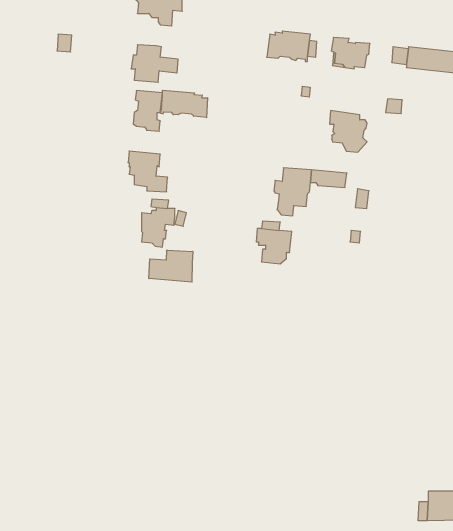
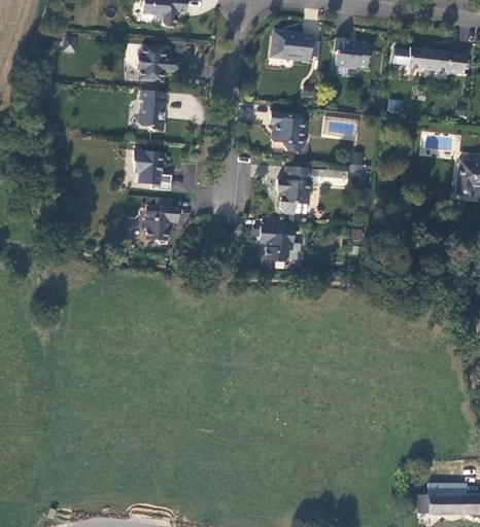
building: [161,90,208,118] -> none
building: [330,111,367,152] -> [269,110,306,151]
building: [149,250,193,282] -> none

